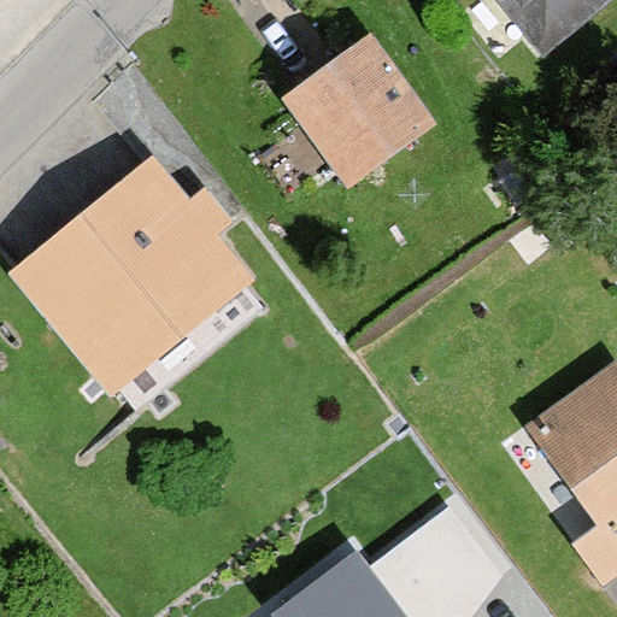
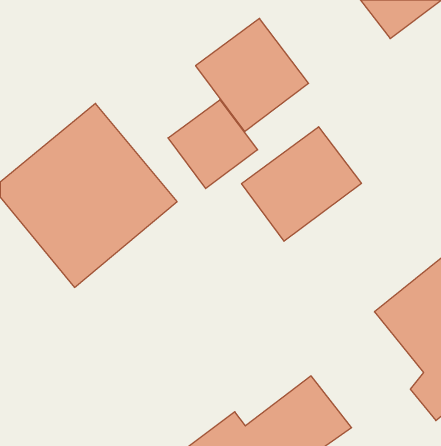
building: none -> [168,100,258,189]
building: none -> [242,127,361,241]

